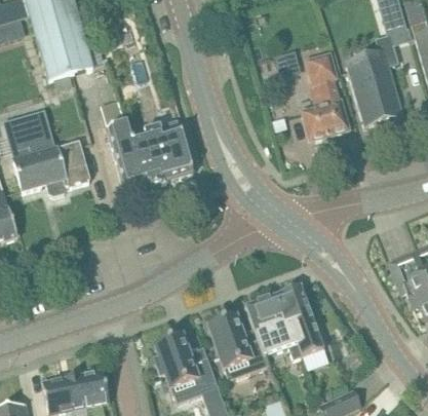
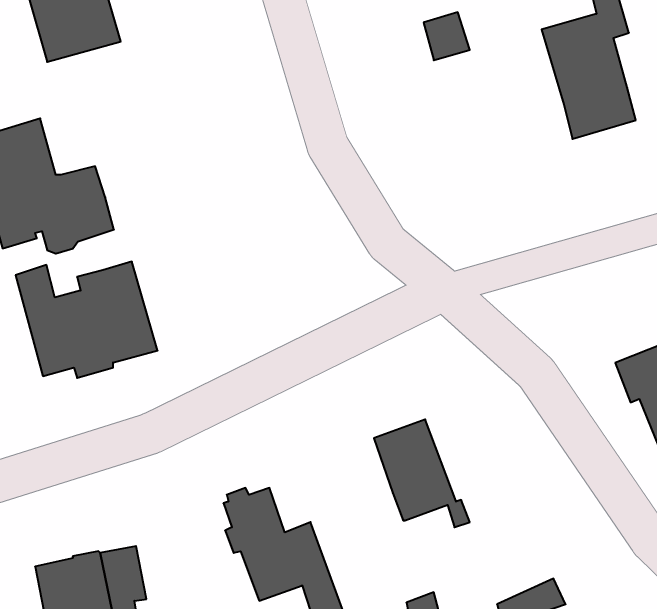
building: [302,52,349,141] -> none
building: [108,120,193,190] -> [16,262,158,378]
building: [276,285,324,355] -> none
building: [209,315,268,379] -> none

